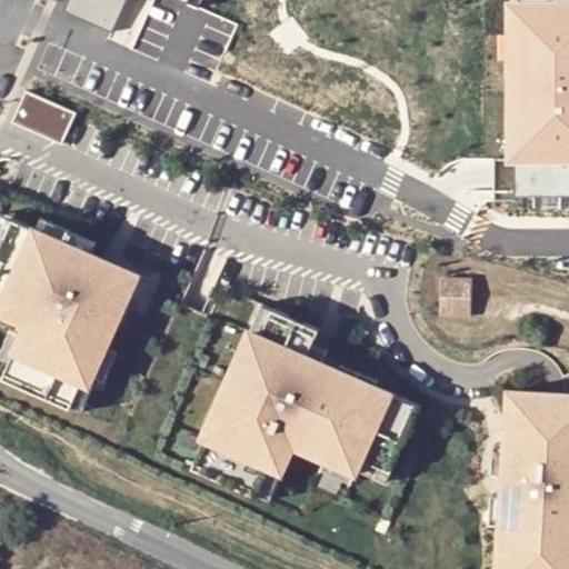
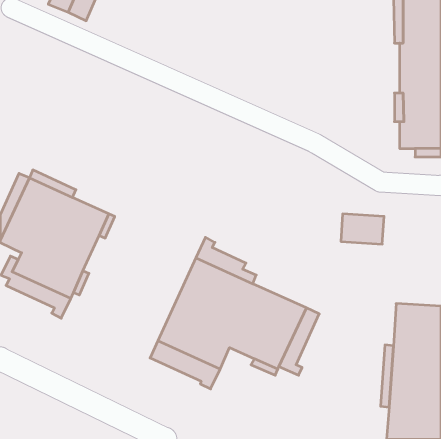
building: [11,87,74,143] -> none

